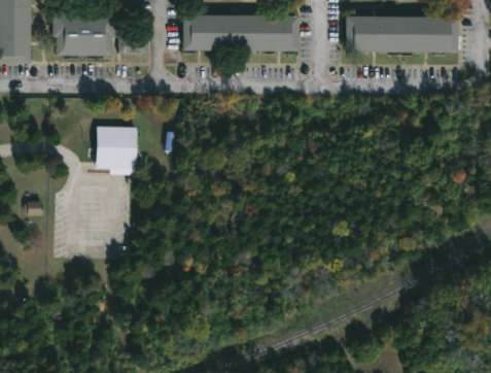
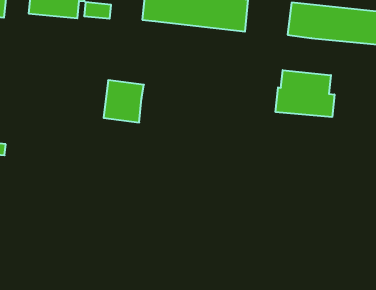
building: none -> [276,70,334,117]
building: [98,125,139,168] -> [104,80,144,122]

